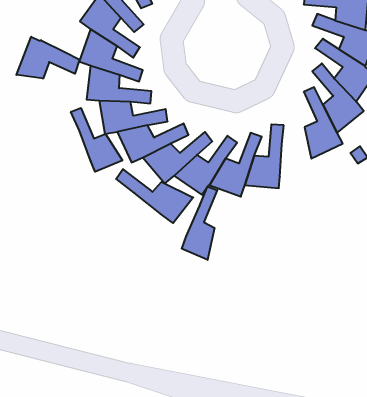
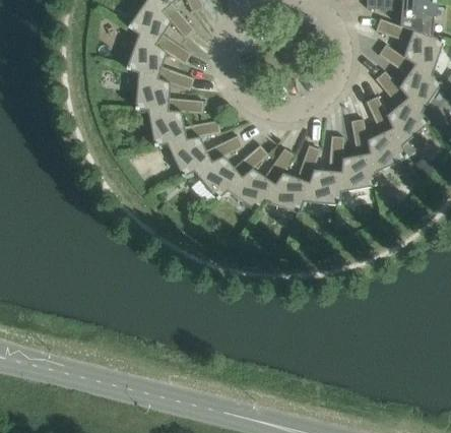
building: [16,37,80,79] -> none
building: [71,108,122,172] -> none
building: none -> [340,118,377,191]
building: [116,169,193,223] -> none
building: [182,187,217,260] -> none

